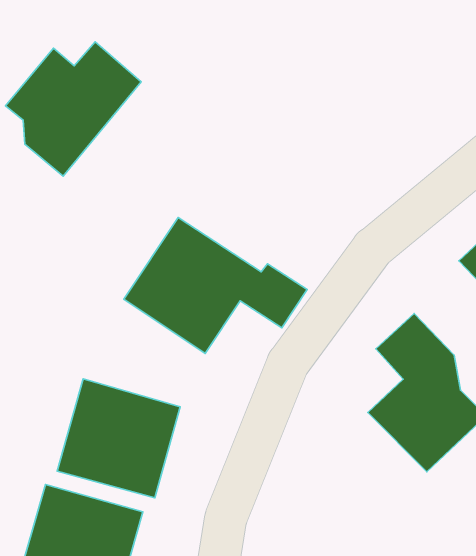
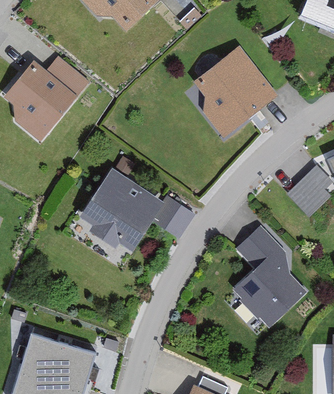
building: none -> [193,45,277,136]
building: [57,379,180,498] -> none

